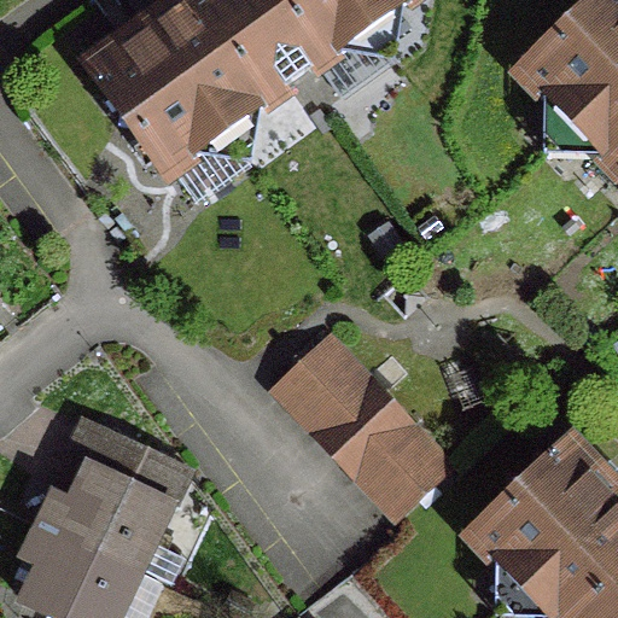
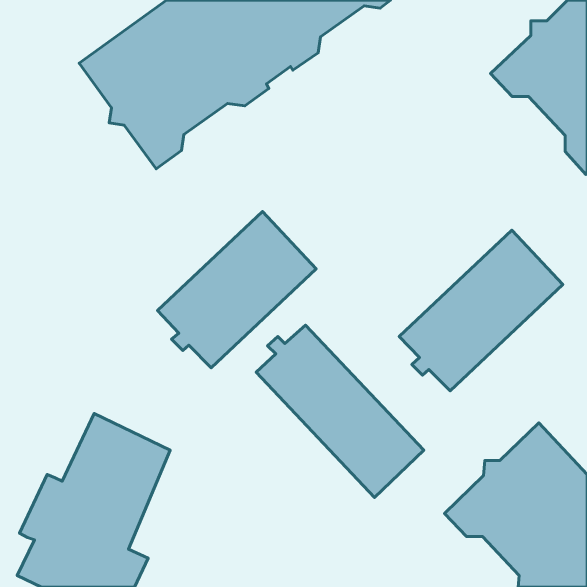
building: none -> [158,212,316,368]
building: none -> [399,230,563,391]

